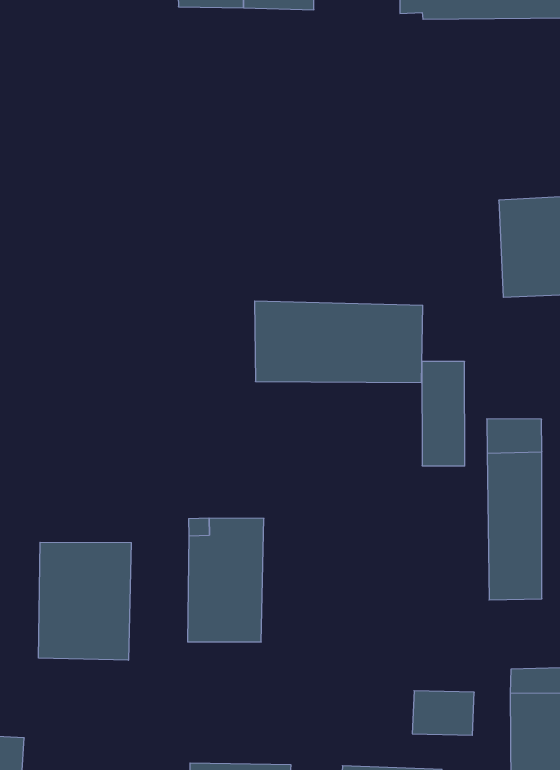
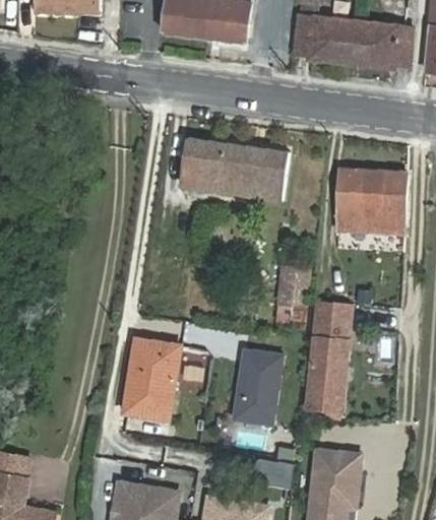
building: [255,301,423,383] -> [184,137,289,197]
building: none -> [235,344,285,419]
building: [39,542,131,660] -> none

